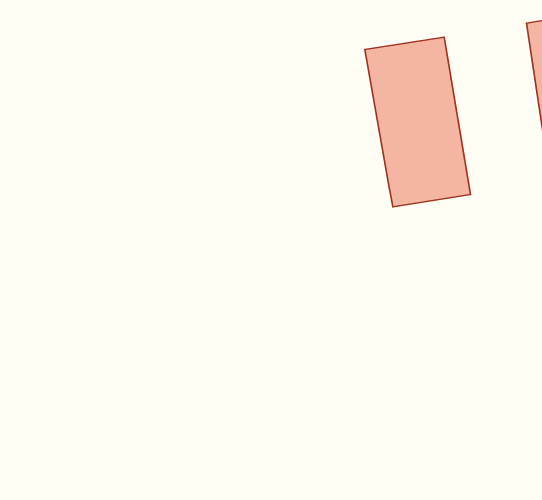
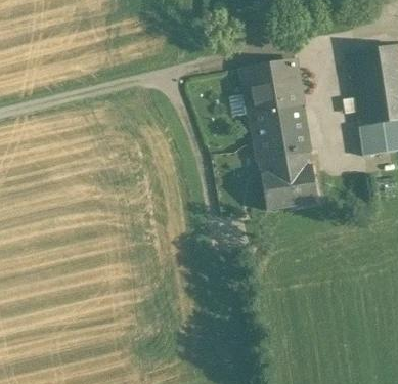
building: none -> [262,164,319,209]

